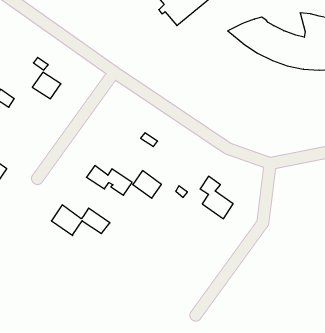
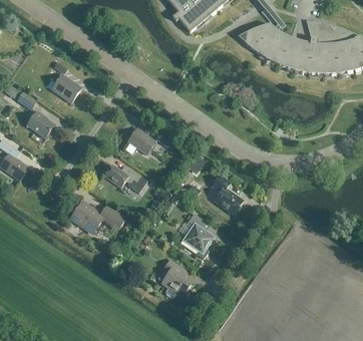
building: none -> [26,110,53,137]
building: [133,171,161,198] -> [127,127,154,153]
building: none -> [180,213,215,258]
building: none -> [159,258,192,297]

